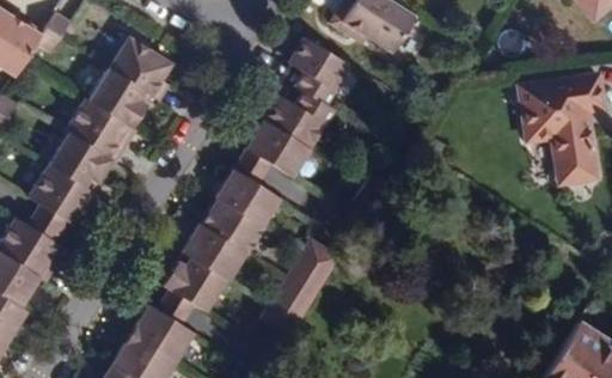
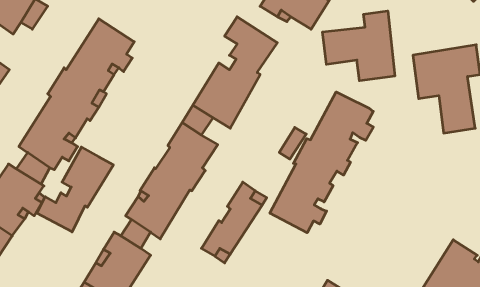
building: none -> [323,11,395,81]
building: none -> [270,92,373,233]
building: none -> [37,147,113,232]

